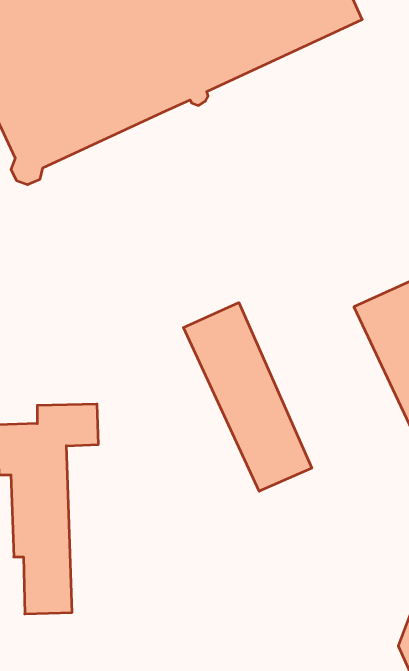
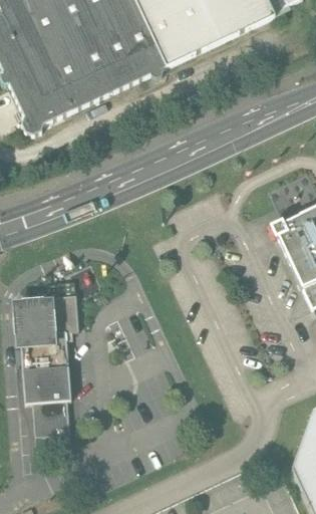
building: [183,303,312,491] -> none

